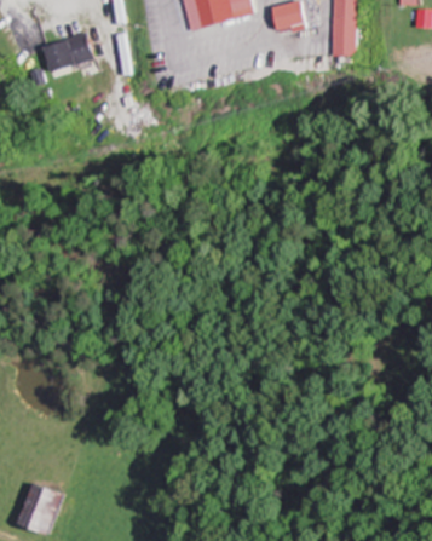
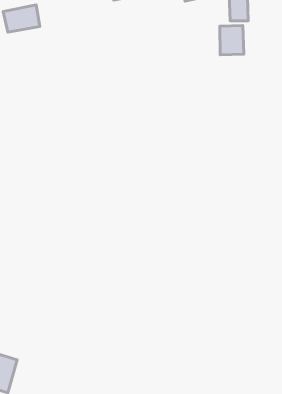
building: none -> [220,25,244,55]

